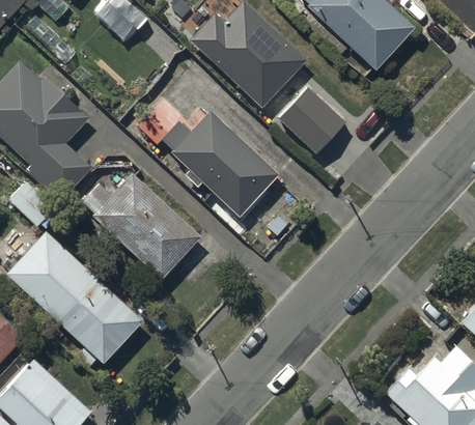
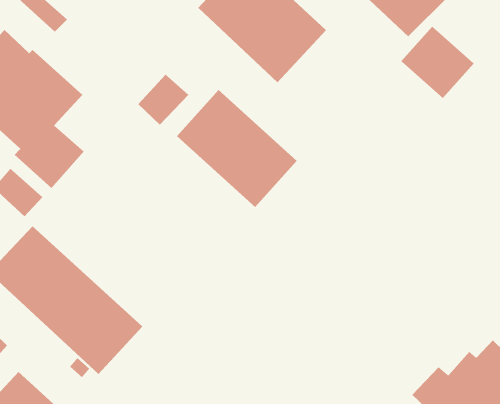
building: [281,90,346,154] -> [400,26,475,99]
building: [83,176,201,280] -> none

